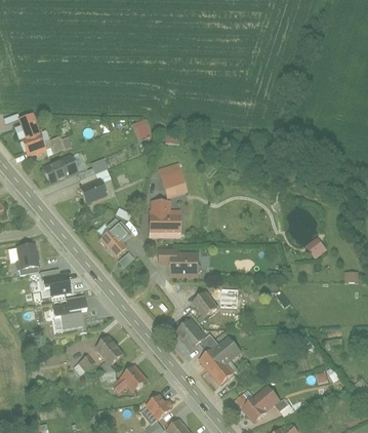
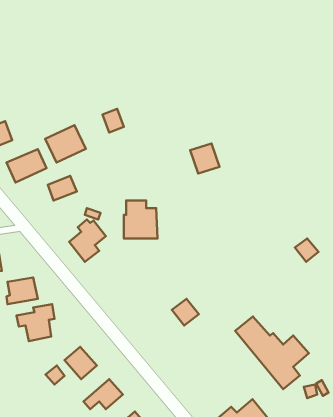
building: none -> [45,125,86,162]
building: [161,168,188,196] -> [190,143,219,174]
building: [156,246,199,278] -> none
building: [174,318,242,385] -> [235,316,309,389]

